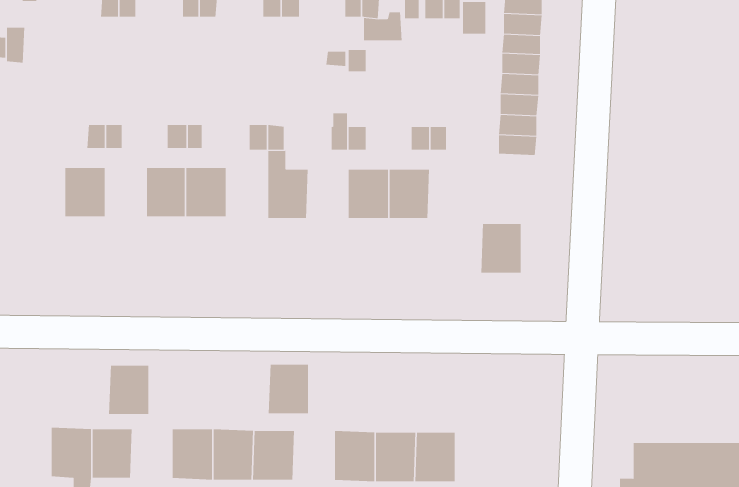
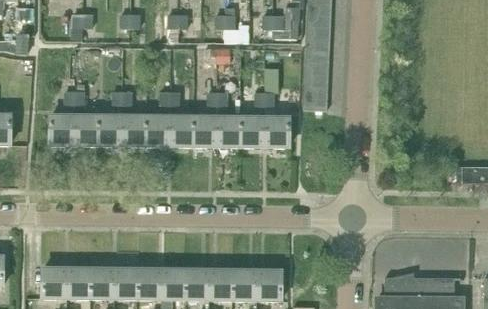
building: none -> [74,116,98,145]
building: none -> [145,116,169,146]
building: none -> [192,117,216,146]
building: [481,224,522,273] -> [263,117,287,146]
building: [268,364,309,414] -> [184,270,208,299]
building: [108,365,149,415] -> [89,269,113,298]

